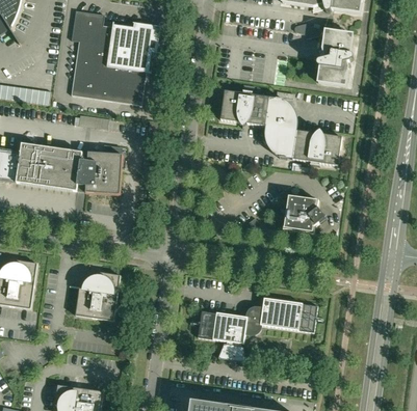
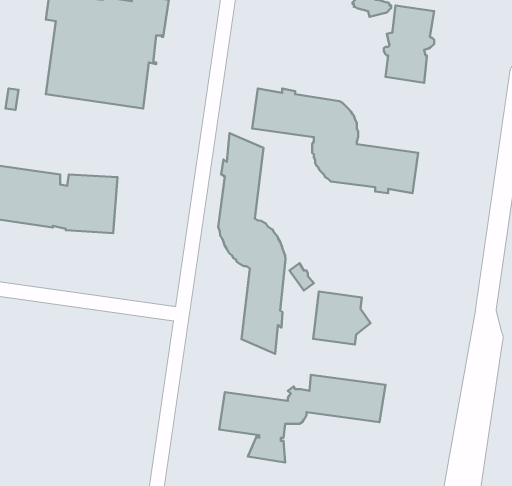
building: none -> [218,133,285,354]
building: [283,194,324,232] -> [313,292,371,345]
building: [75,271,120,320] -> none

